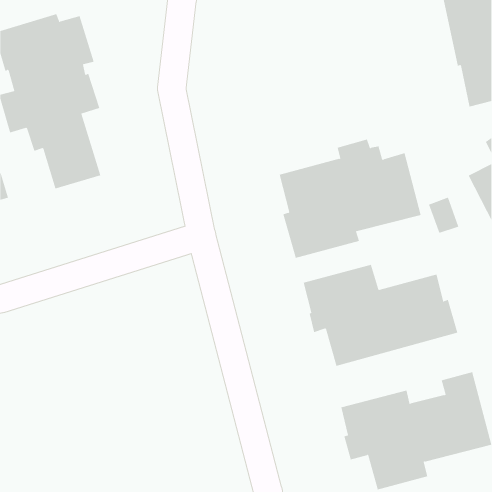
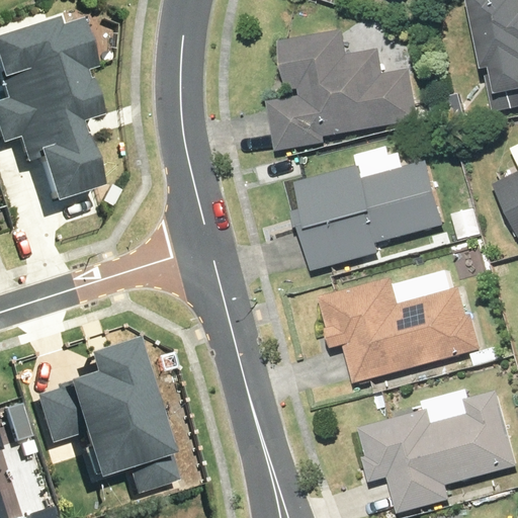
building: none -> [265,30,418,151]
building: none -> [41,336,182,491]

